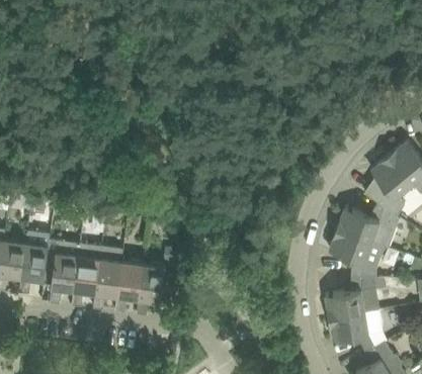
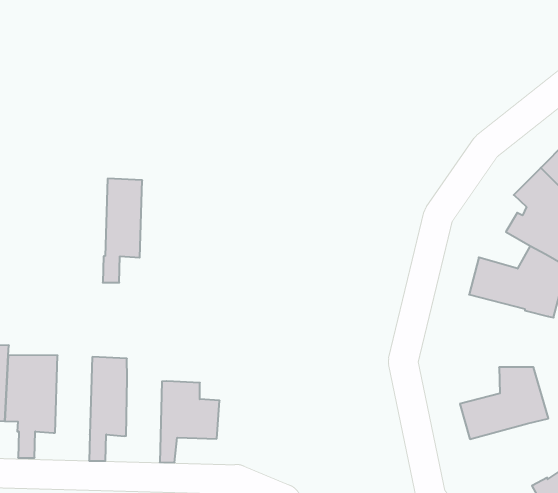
building: [329,229,385,278] -> none
building: [71,243,101,307] -> [103,179,142,283]
building: [114,261,143,313] -> none
building: [329,312,374,351] -> none

